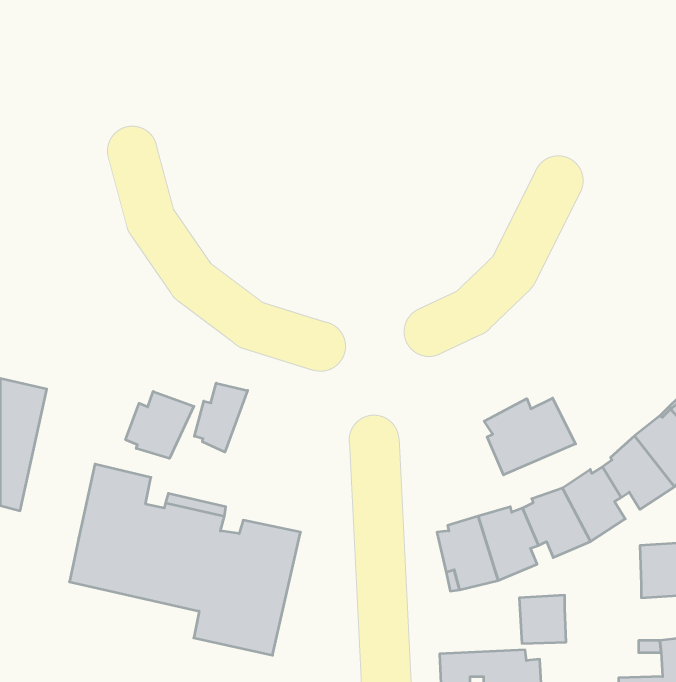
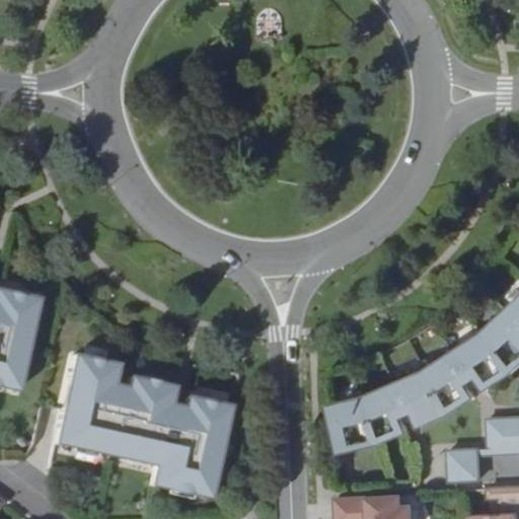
building: [194,383,248,452] -> none
building: [126,391,194,458] -> none
building: [484,398,576,475] -> none
building: [519,595,566,643] -> [451,444,487,480]

